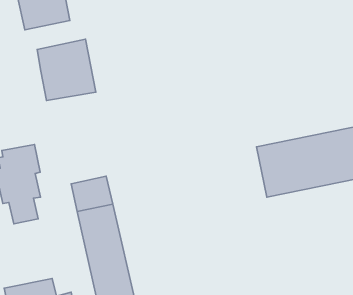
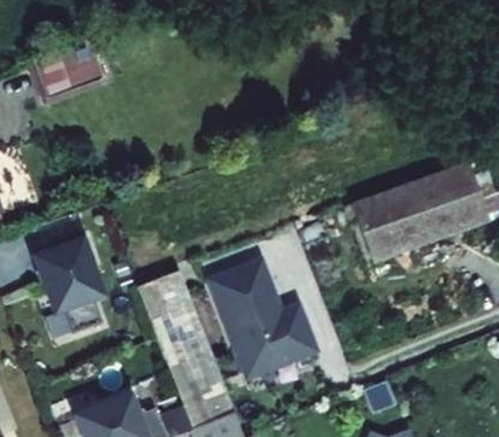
building: [37,39,96,101] -> none
building: none -> [211,258,315,372]

